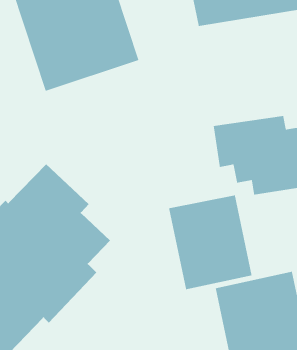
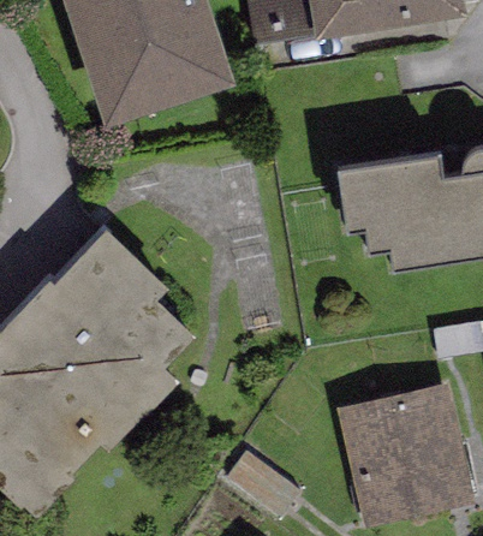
building: [168,195,253,290] -> none

